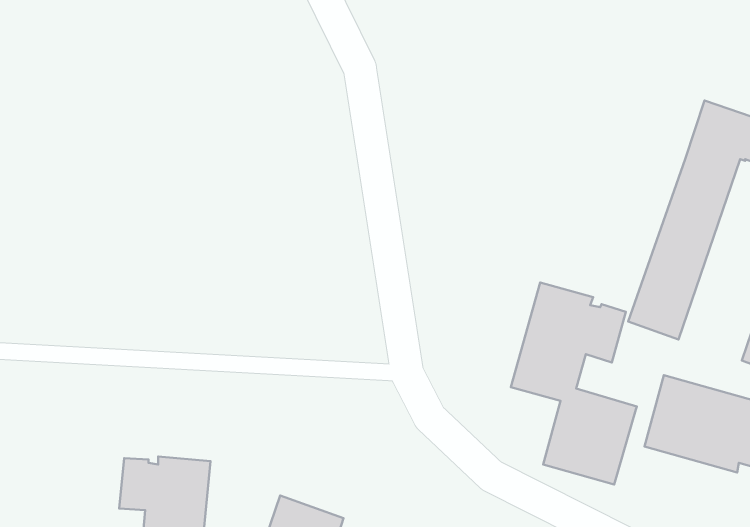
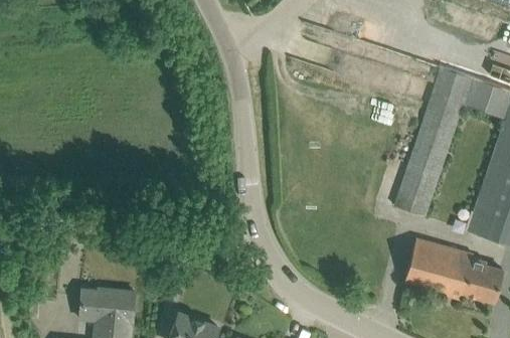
building: [511,282,637,485] -> none

